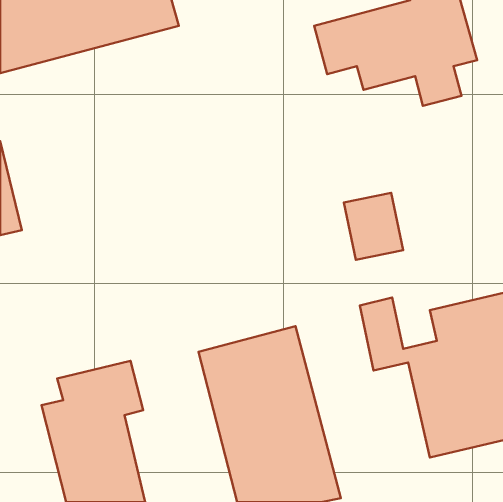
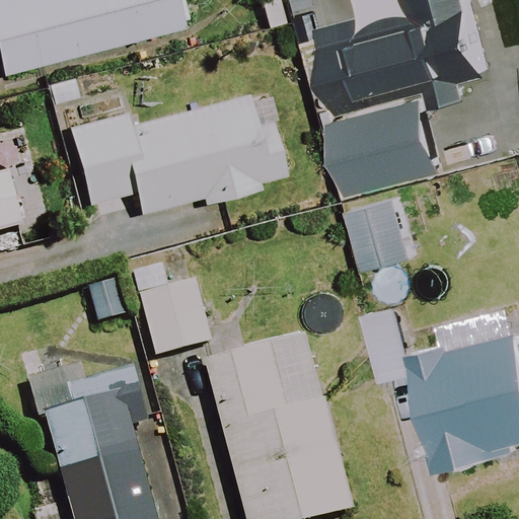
building: none -> [66,92,287,214]
building: none -> [337,105,443,189]
building: none -> [133,258,210,358]

